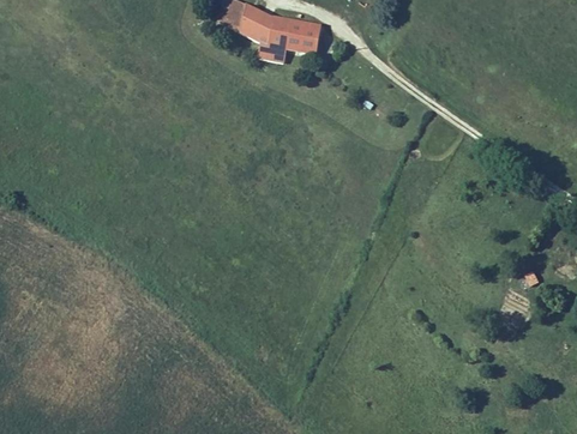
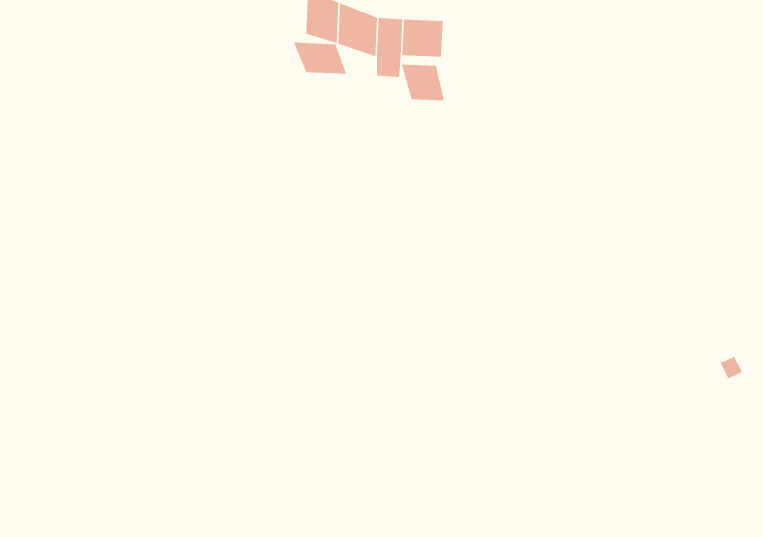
building: none -> [293,42,347,74]
building: none -> [401,64,445,101]

